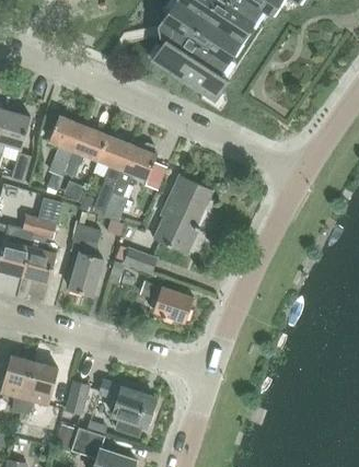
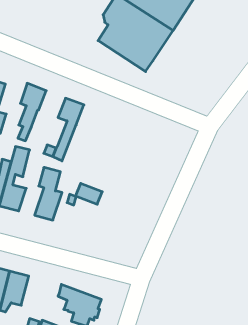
building: [63,126,108,178] -> none
building: [104,144,165,222] -> none
building: [154,176,211,255] -> none
building: [141,280,195,322] -> none
building: [63,381,90,416] -> none

